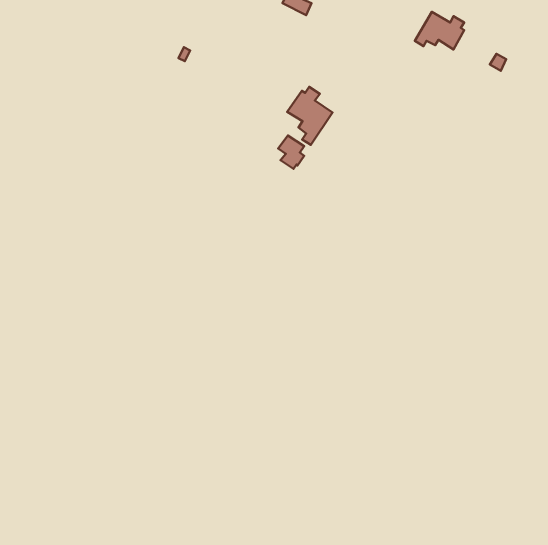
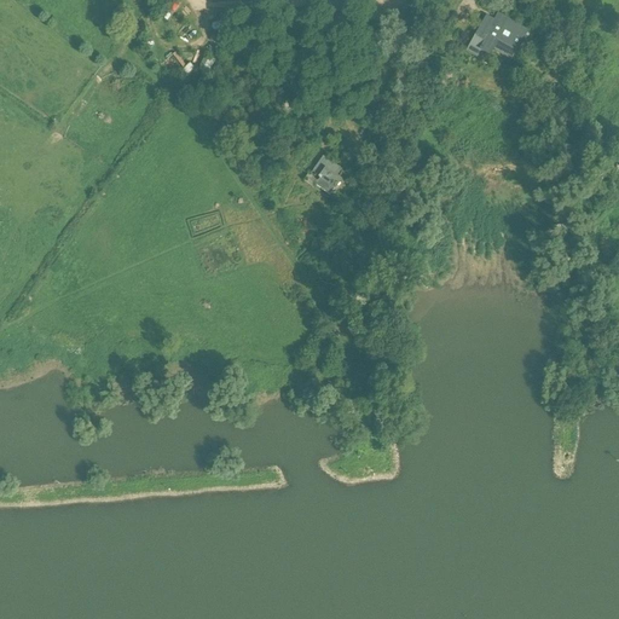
building: [287,87,333,145] -> none

